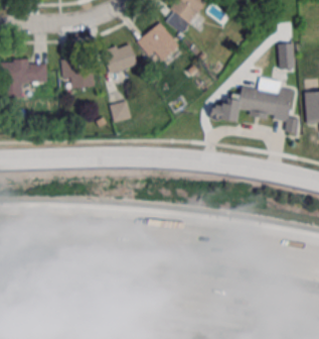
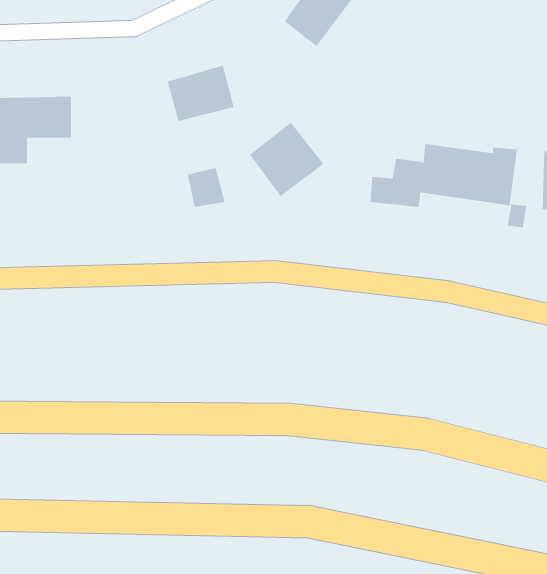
building: [137,23,178,65] -> [249,122,324,197]
building: [278,44,294,70] -> none
building: [61,59,91,89] -> none

